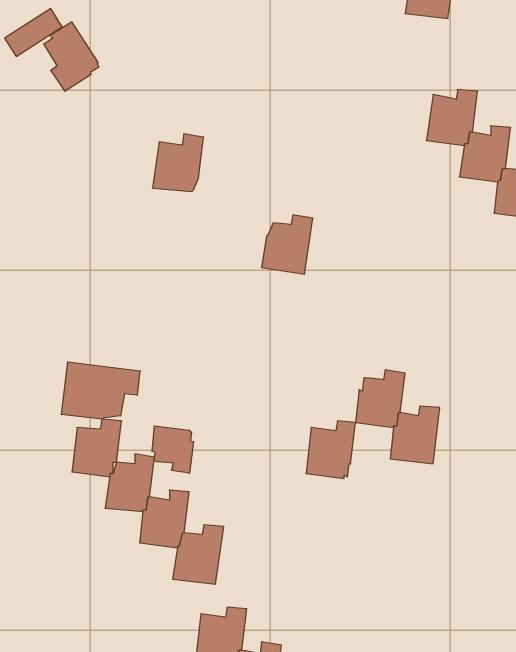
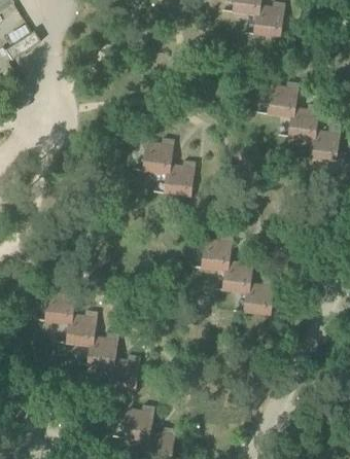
building: [44,22,99,91] -> none
building: [152,134,204,191] -> [142,138,174,174]
building: [61,362,140,419] -> none
building: [306,421,356,479] -> [201,236,232,272]
building: [152,426,194,473] -> none

